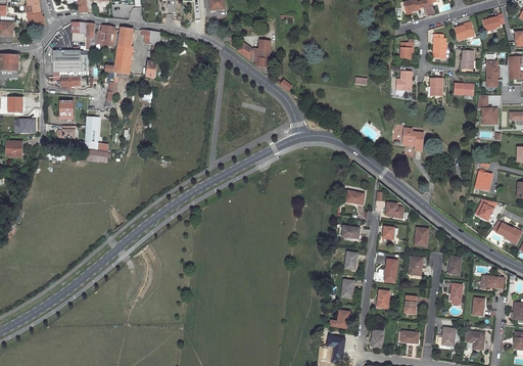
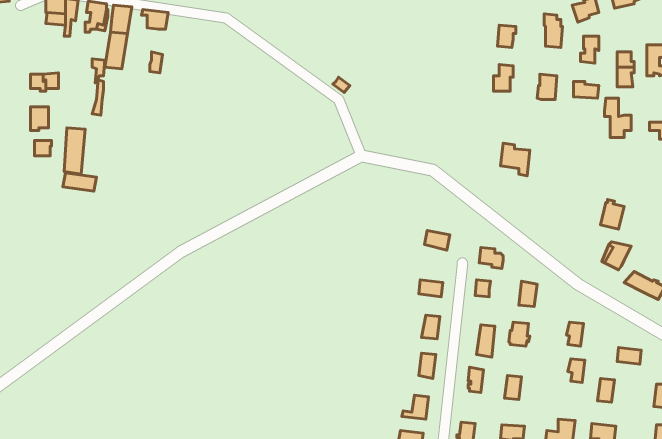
building: [238,39,271,66] -> none
building: [53,49,89,71] -> none

